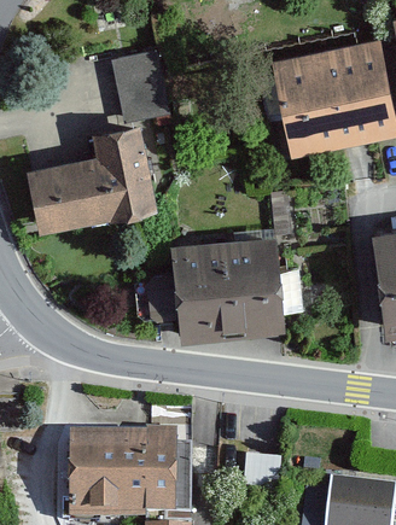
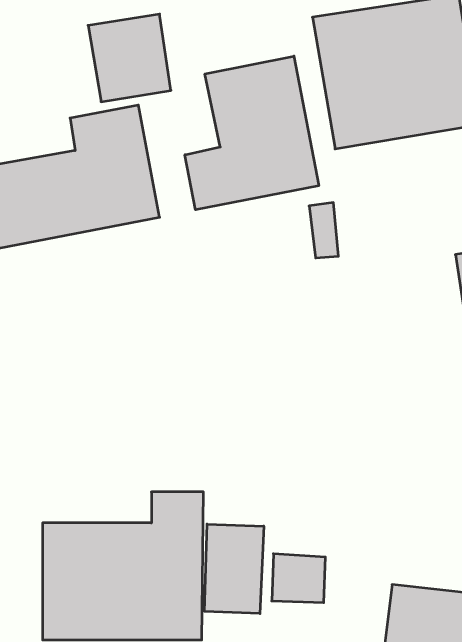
building: none -> [185,56,319,210]
building: [144,239,287,352] -> none
building: none -> [205,524,264,614]

